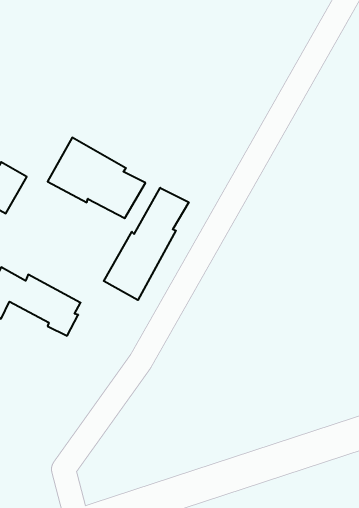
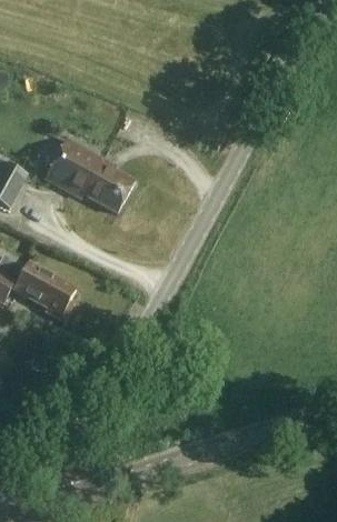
building: [104,188,189,300] -> none

